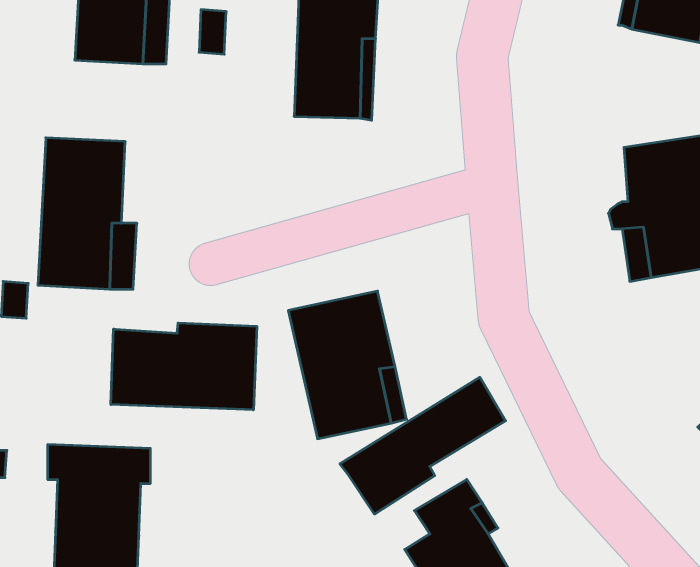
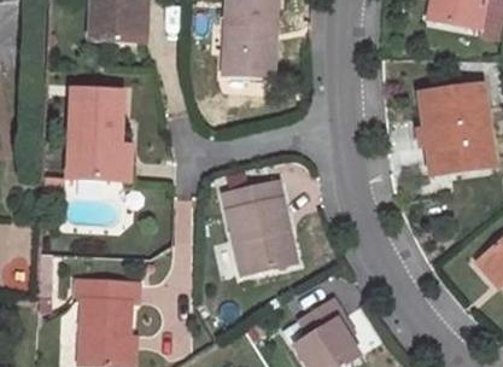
building: [111,323,257,410] -> none
building: [340,377,506,514] -> none

